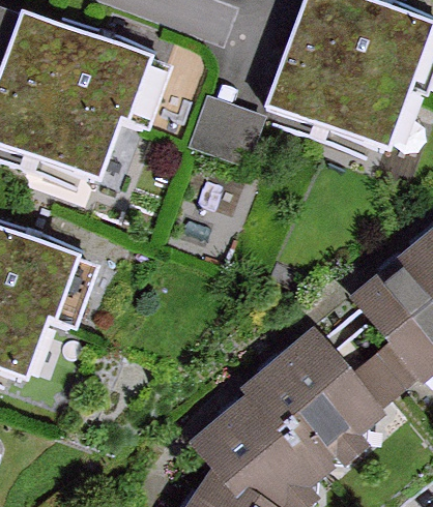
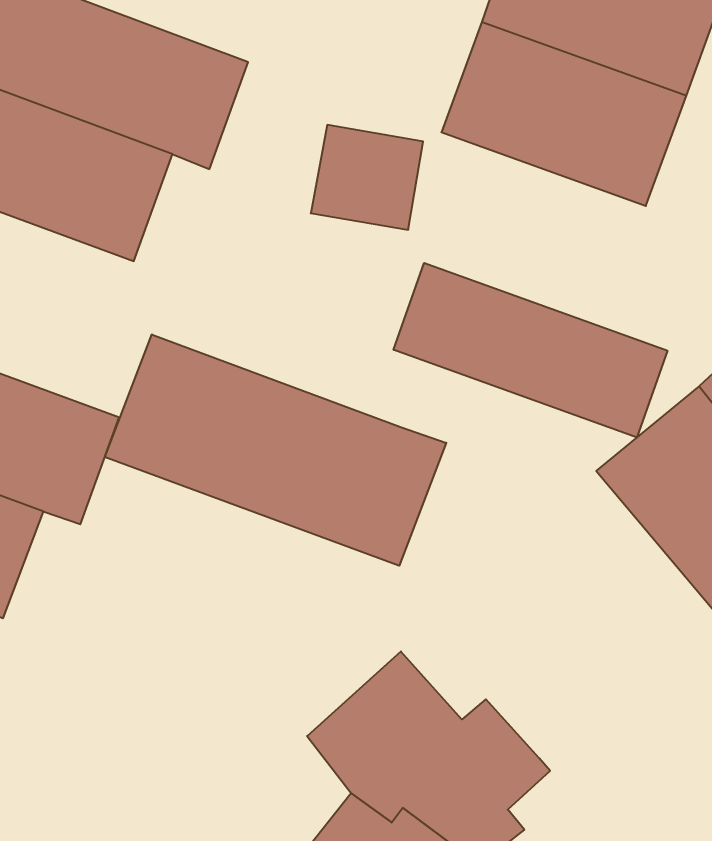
building: none -> [394,263,667,438]
building: none -> [105,334,446,566]
building: [243,331,378,454] -> none

